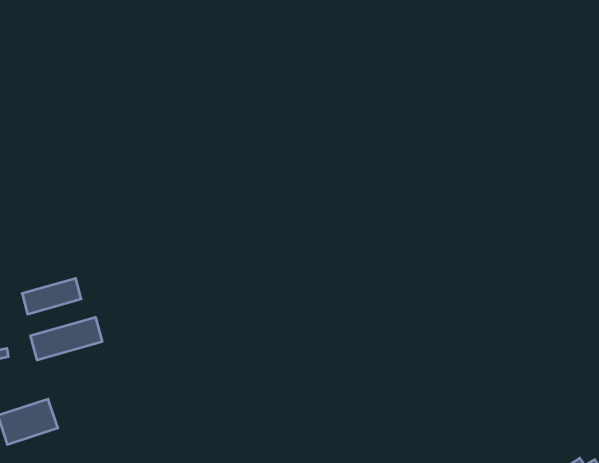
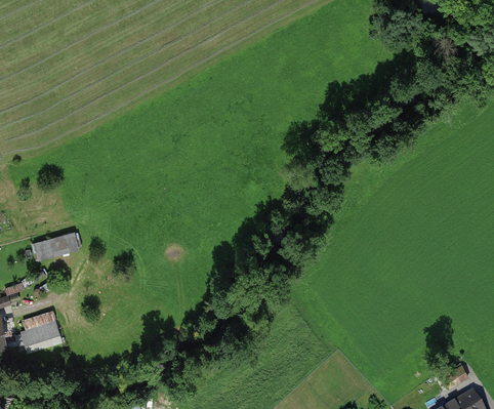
building: [31,317,102,360] -> none

